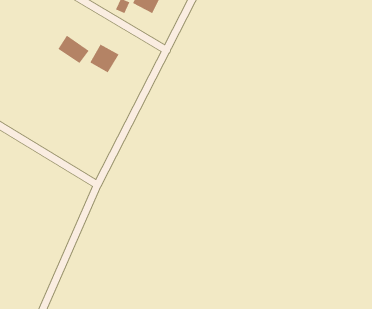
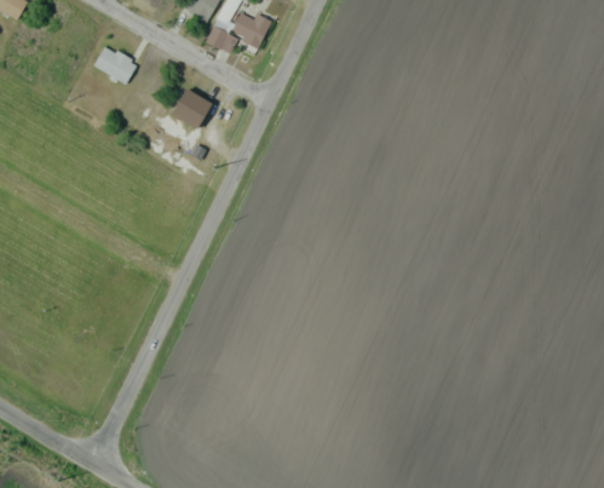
building: [58,35,90,64] -> [93,44,137,84]

